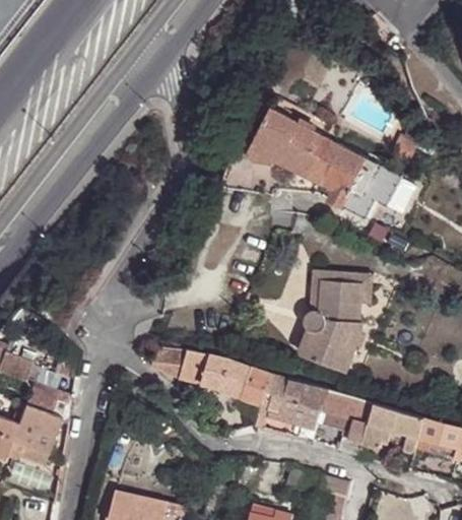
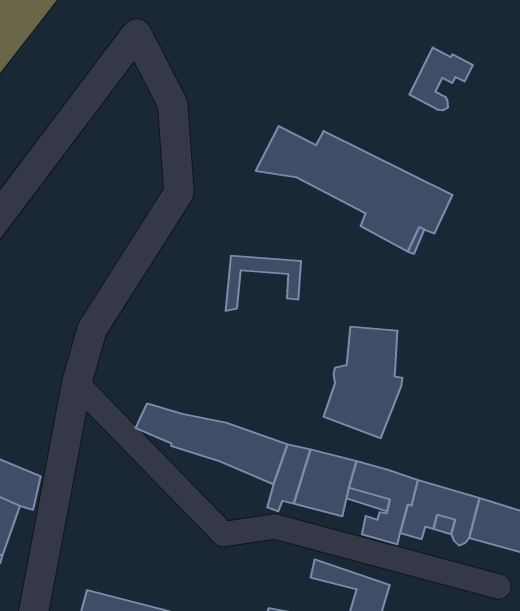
building: none -> [409,47,473,110]
building: [309,270,369,314] -> [226,256,301,311]

